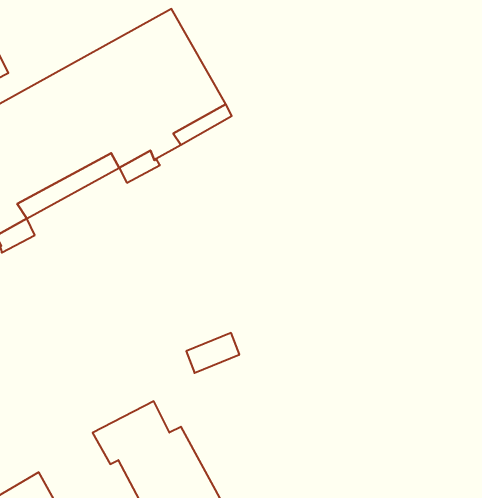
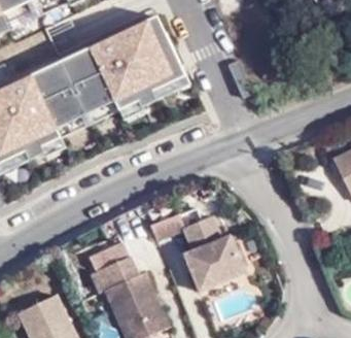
building: none -> [182,213,241,286]

